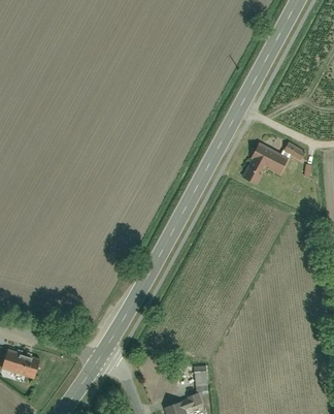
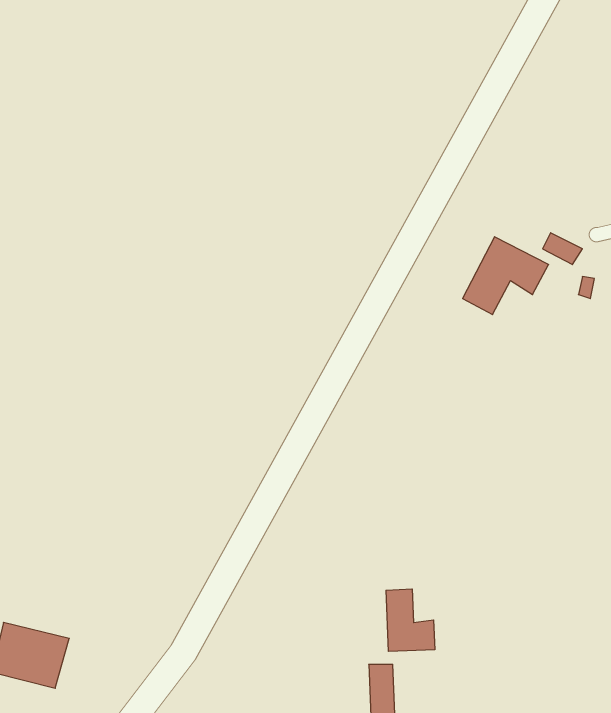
building: none -> [386,589,435,651]

